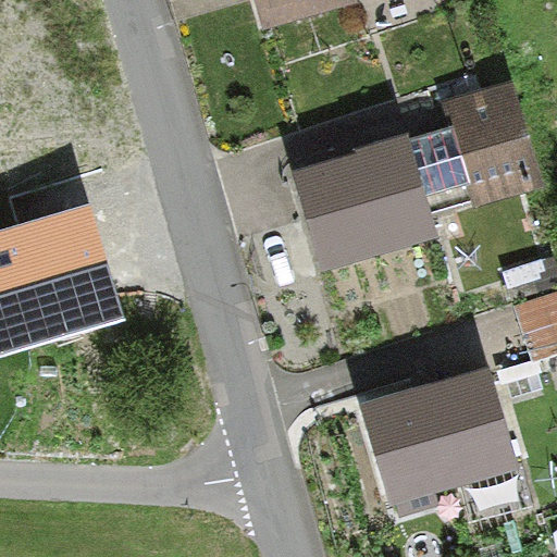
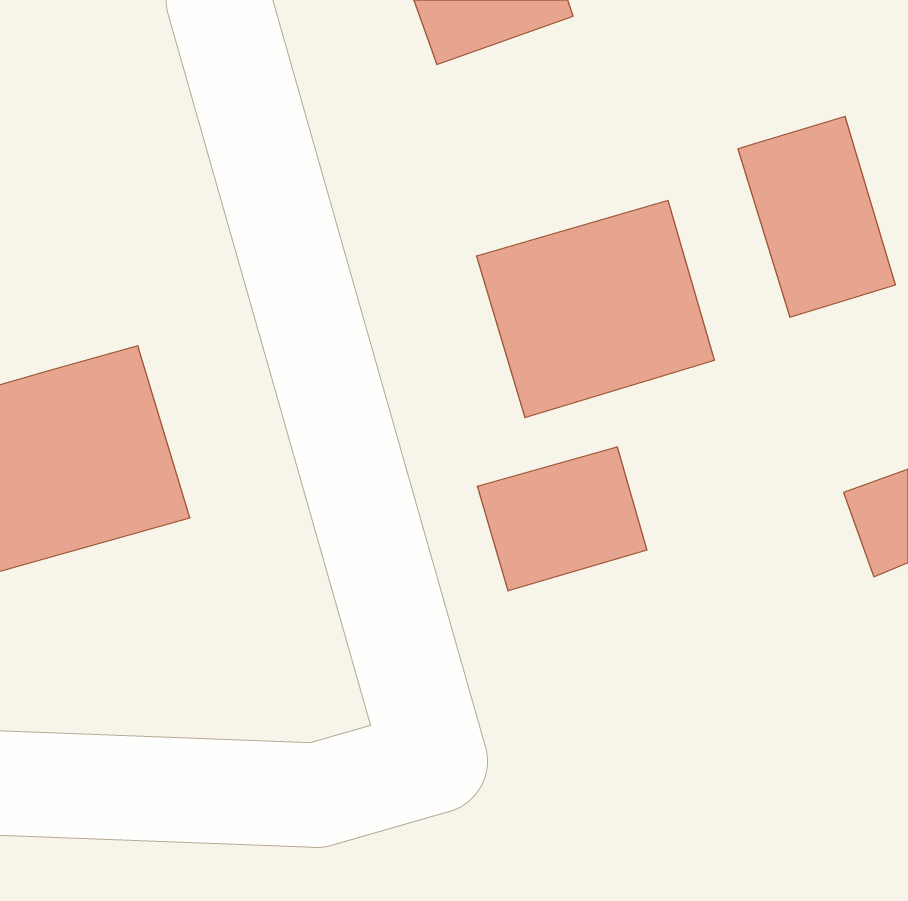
building: none -> [477,447,647,591]
building: [366,363,515,511] -> none

